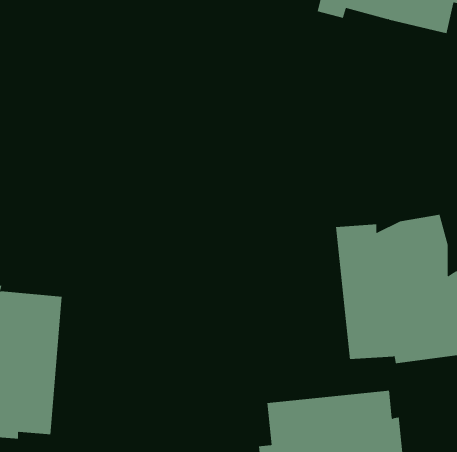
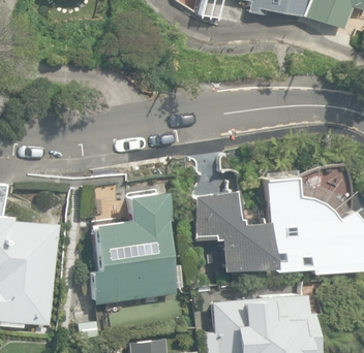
building: none -> [191,189,271,270]
building: none -> [92,193,178,303]

